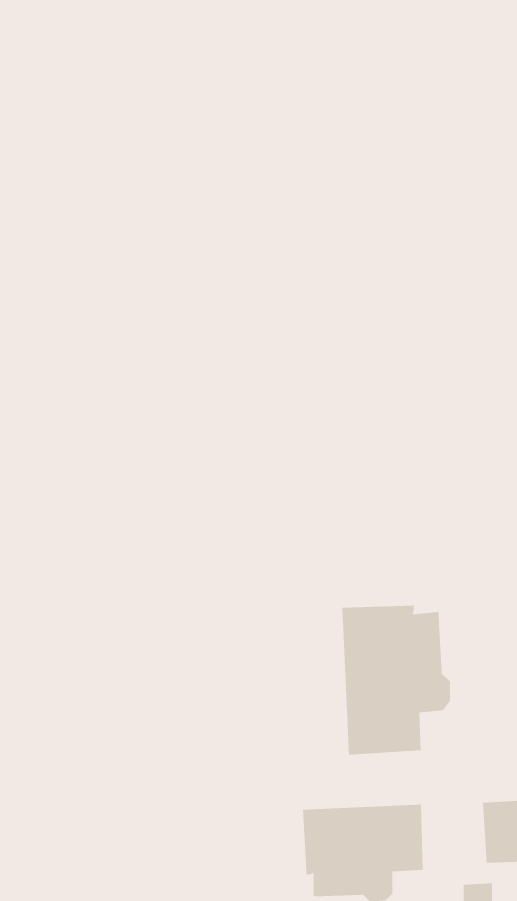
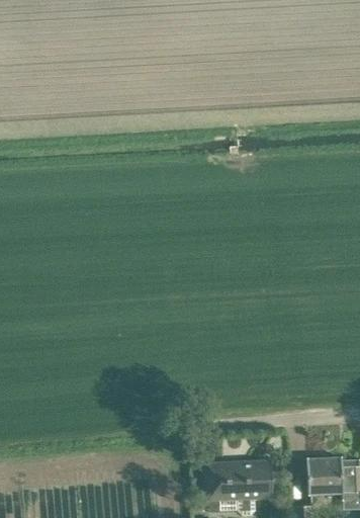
building: [342,605,451,755] -> none

